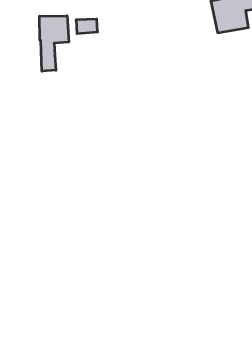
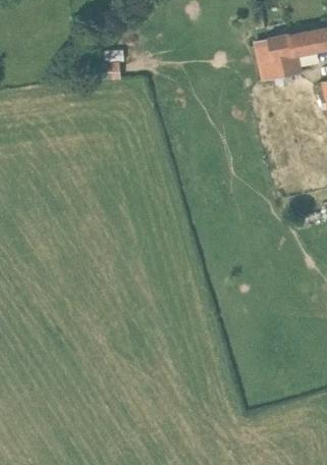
building: [40,16,69,71] -> none

